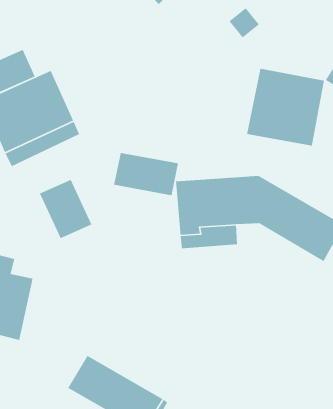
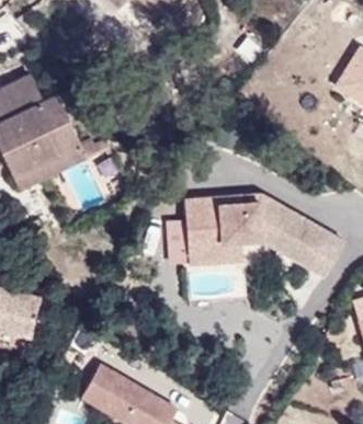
building: [246,68,325,146] -> none
building: [113,152,179,196] -> none
building: [39,179,93,239] -> none

